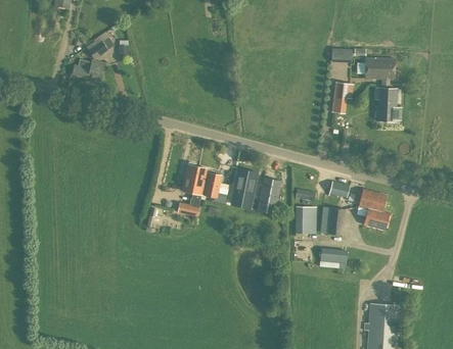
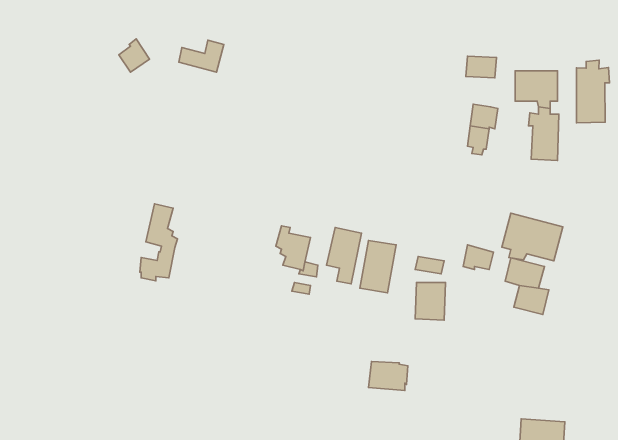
building: none -> [576,60,610,123]
building: [72,58,103,81] -> [179,40,224,72]
building: none -> [502,213,563,261]
building: [177,163,203,217] -> [140,204,178,281]
building: [319,206,345,235] -> none
building: [319,247,347,267] -> [369,361,408,390]

